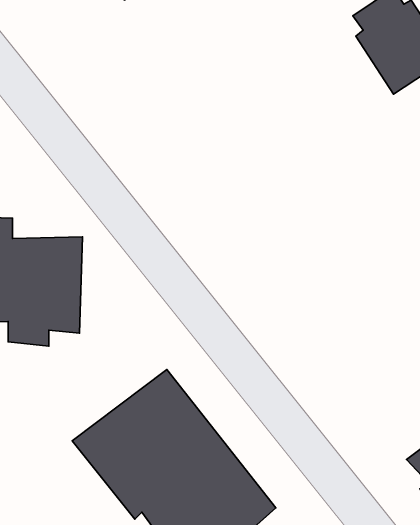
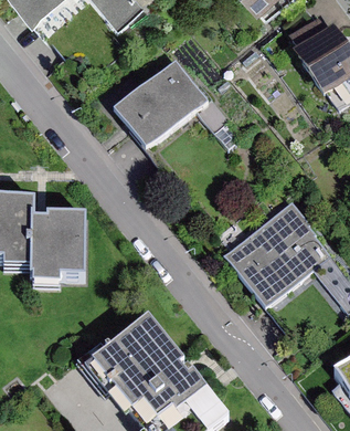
building: none -> [112,64,208,157]
building: none -> [224,206,335,311]

